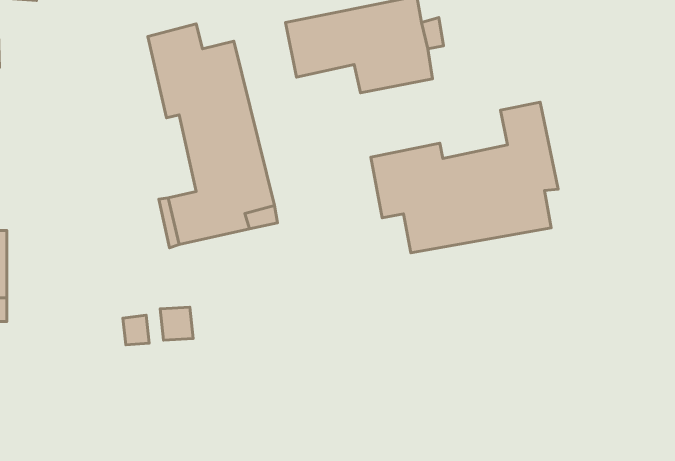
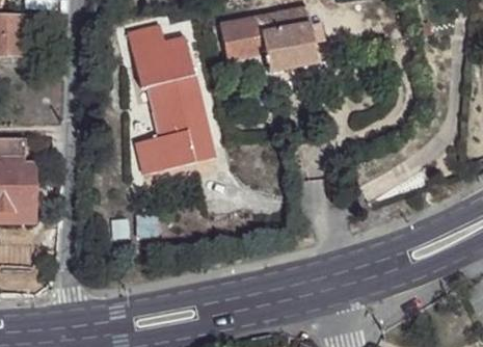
building: [371,102,558,253] -> none

